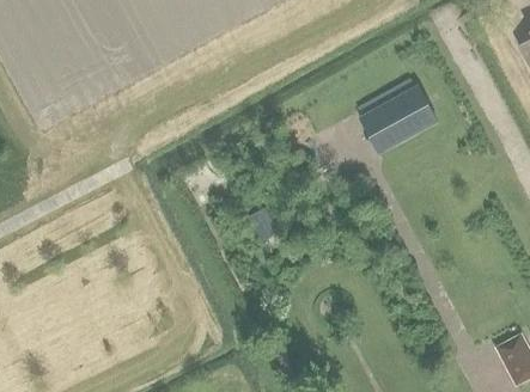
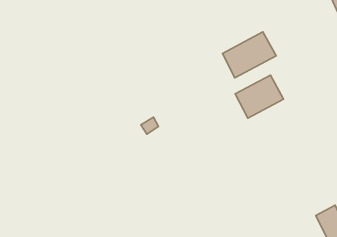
building: none -> [235,75,284,118]

